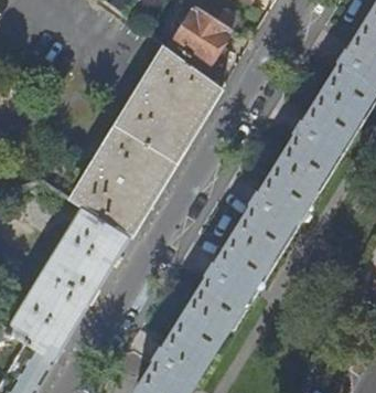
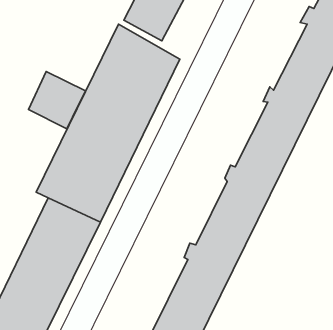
building: none -> [29,72,86,129]

